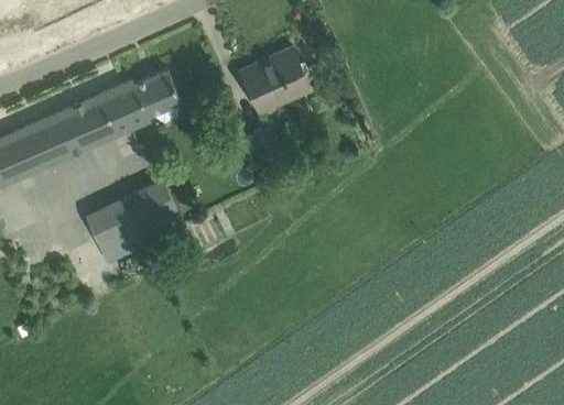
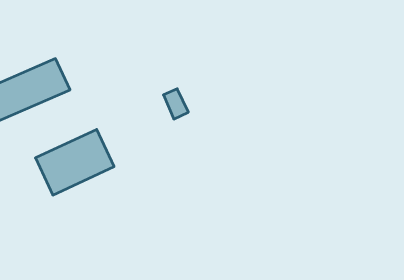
building: [241,48,310,113] -> none
building: [109,70,180,130] -> none

